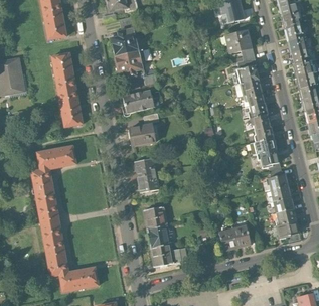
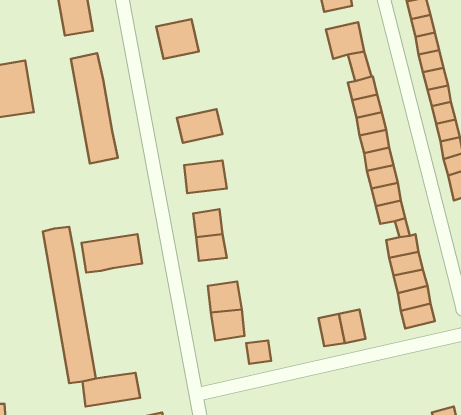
building: [114,49,143,76] -> none
building: [36,144,77,170] -> [82,234,142,272]
building: [149,244,172,265] -> none

